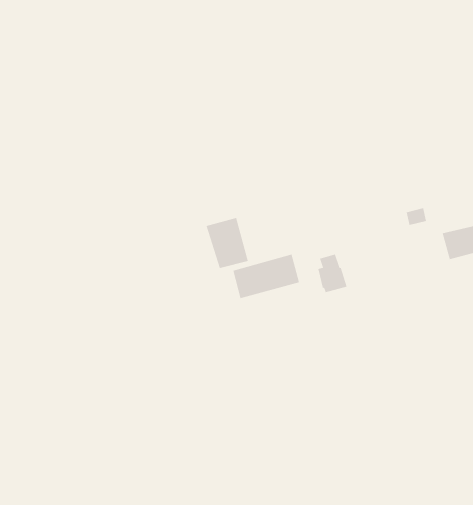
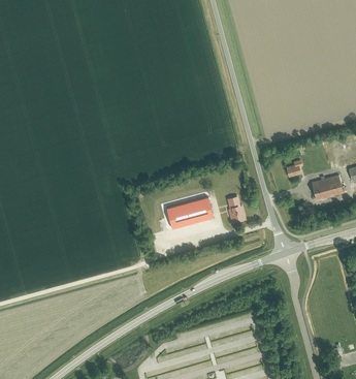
building: [206,217,249,269] -> none

